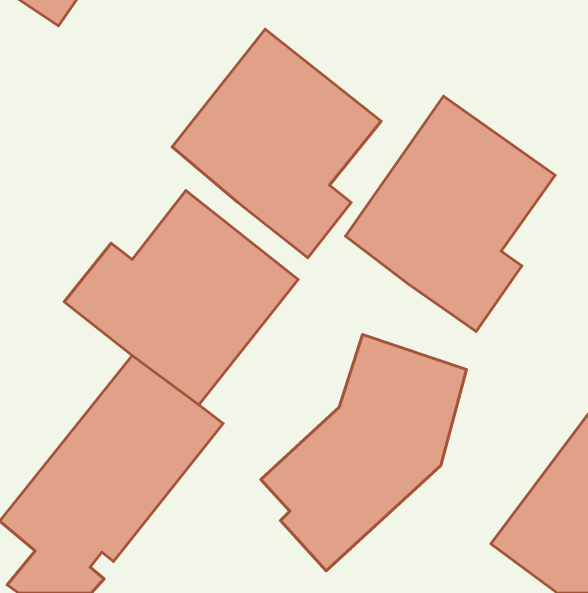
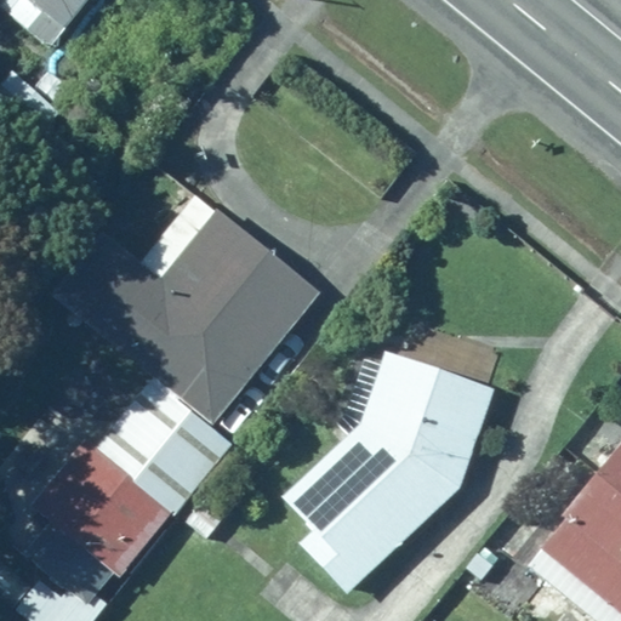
building: [172,29,381,258] -> none
building: [346,96,555,332] -> none

